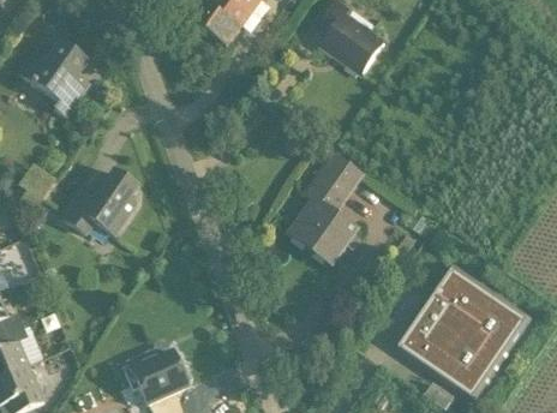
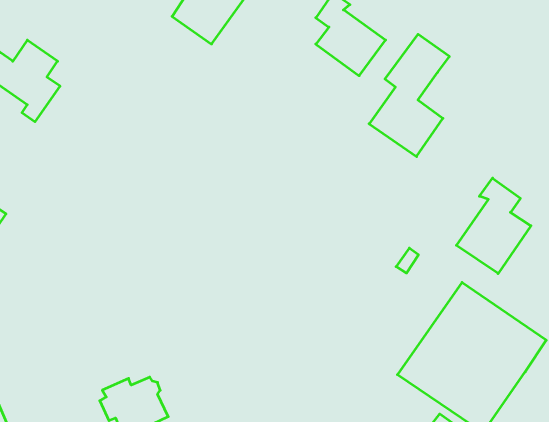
building: [291,152,364,264] -> [369,34,449,157]
building: none -> [456,178,531,274]
building: [62,170,137,247] -> none

